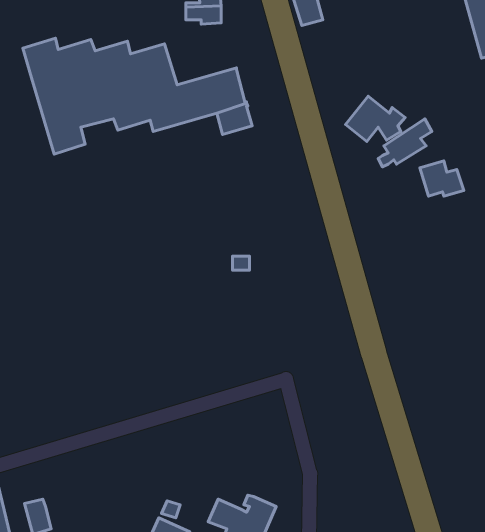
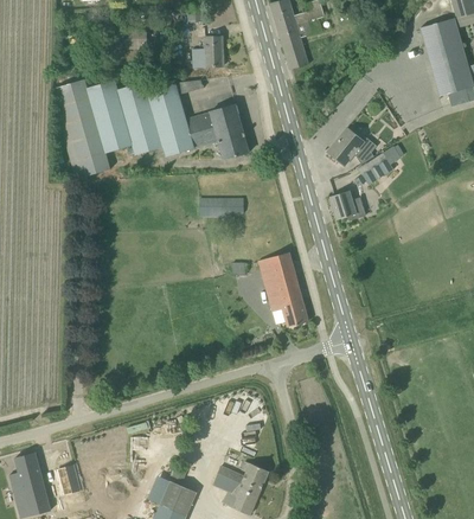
building: [420,161,464,196] -> [329,190,366,219]
building: none -> [199,197,243,217]
building: none -> [257,251,308,326]

